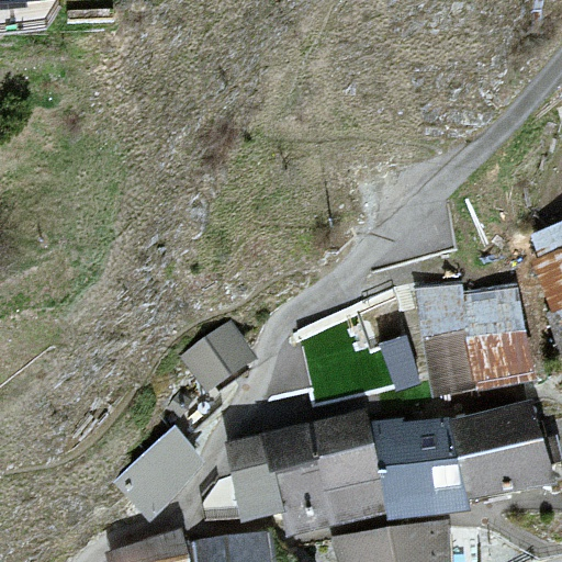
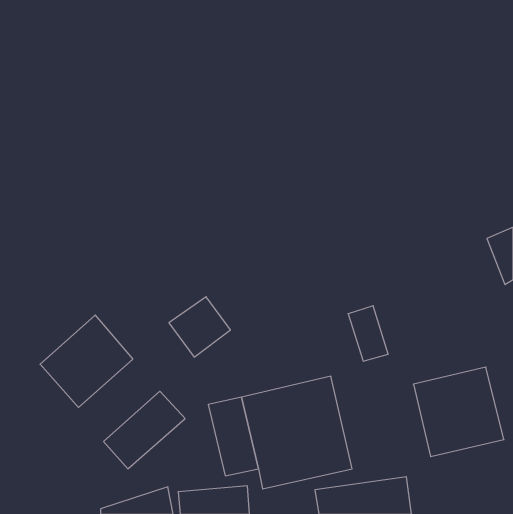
building: [416,283,533,395] -> none
building: none -> [40,315,133,407]
building: [375,418,461,516] -> none

